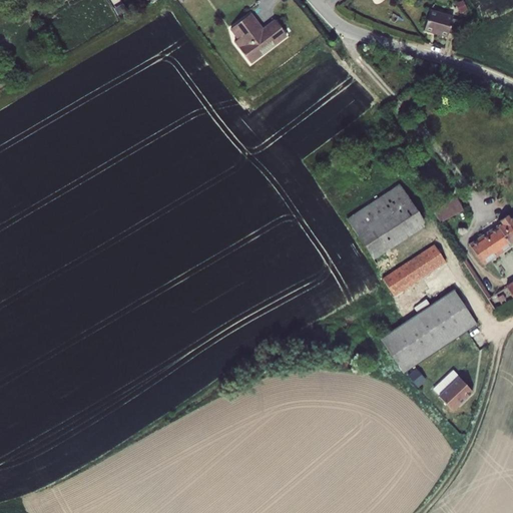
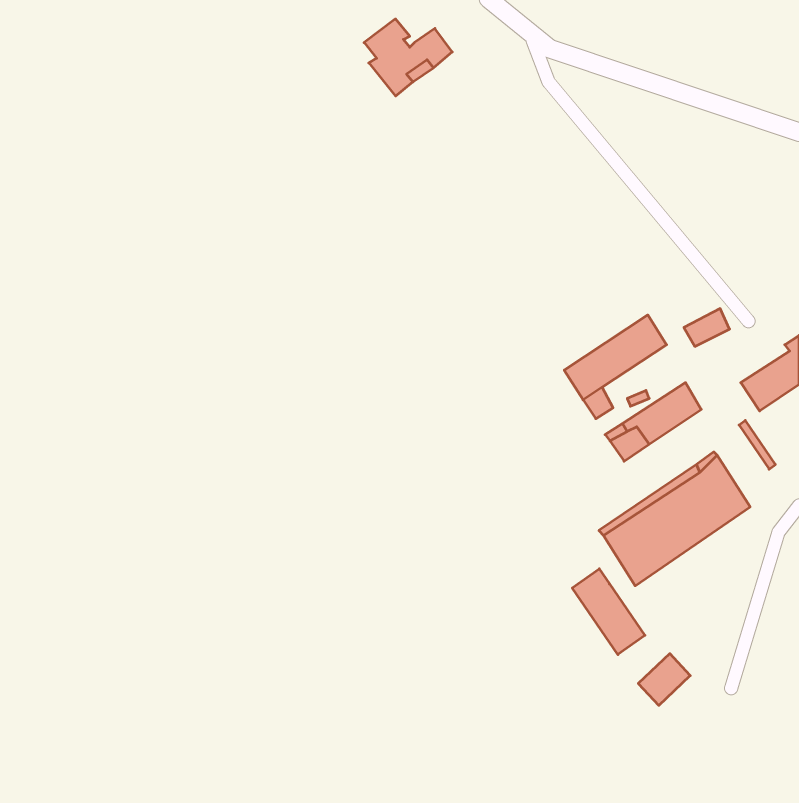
building: [423,9,457,37] -> none
building: [348,183,412,235] -> none
building: none -> [572,569,645,655]
building: [441,378,474,411] -> [638,654,690,705]

